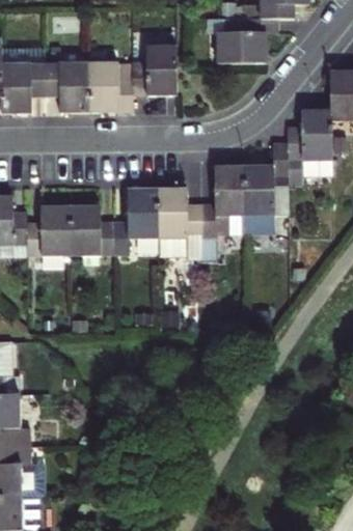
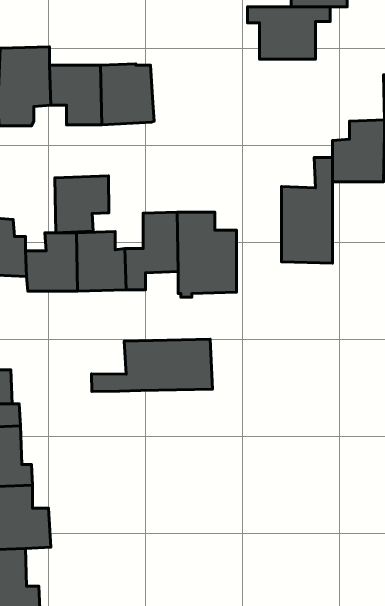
building: [130,45,177,95] -> none
building: none -> [55,176,109,233]
building: [203,166,242,258] -> none
building: none -> [91,339,213,392]

